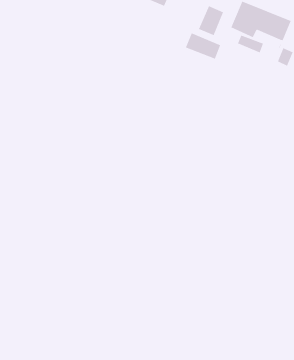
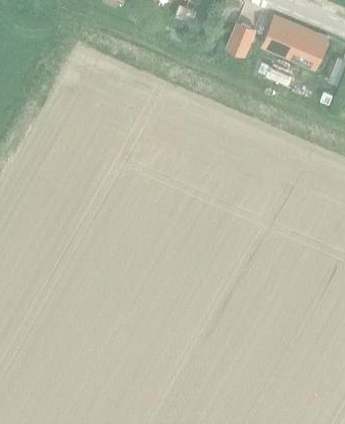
building: [185,32,221,60] -> none

